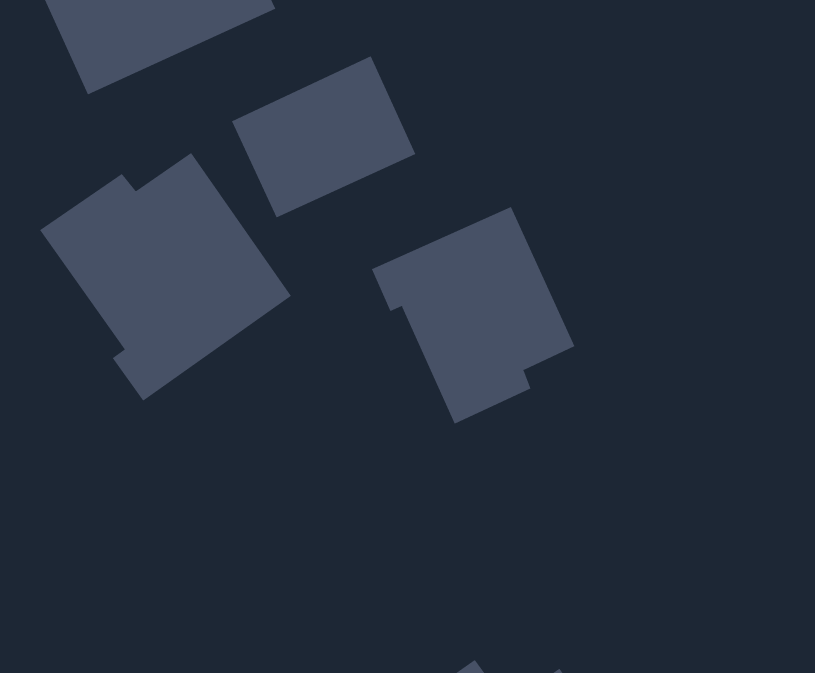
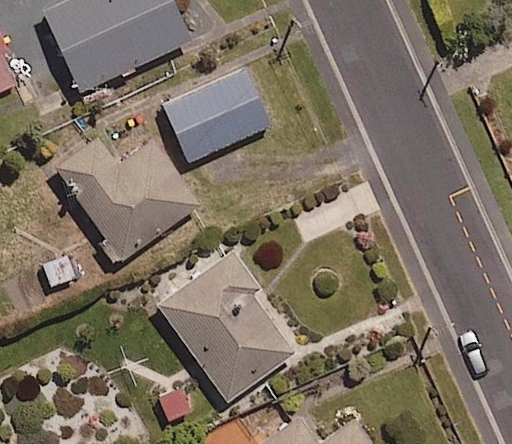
building: [371,206,575,424] -> none
building: none -> [157,251,296,404]

